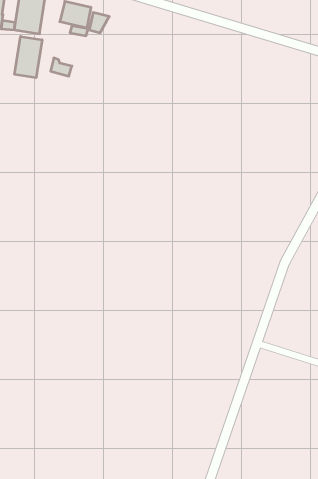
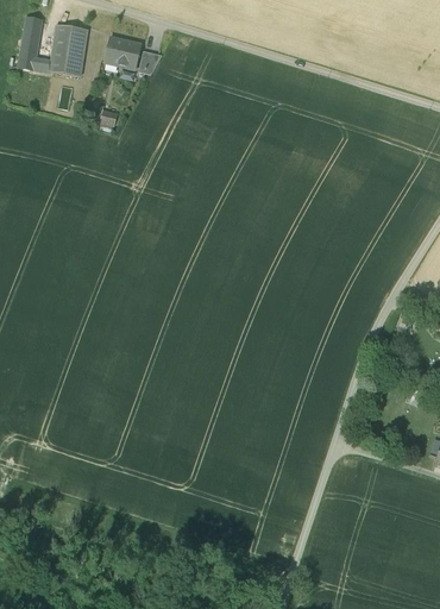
building: [15,36,42,78] -> none

